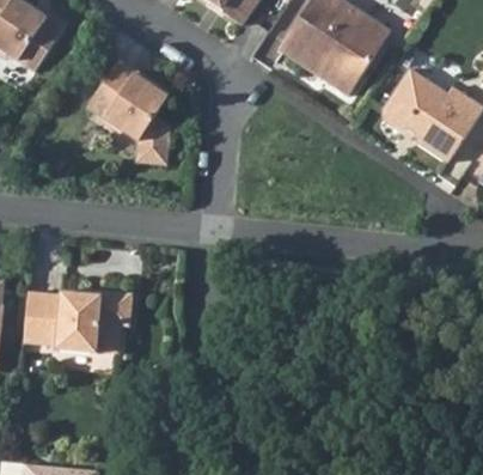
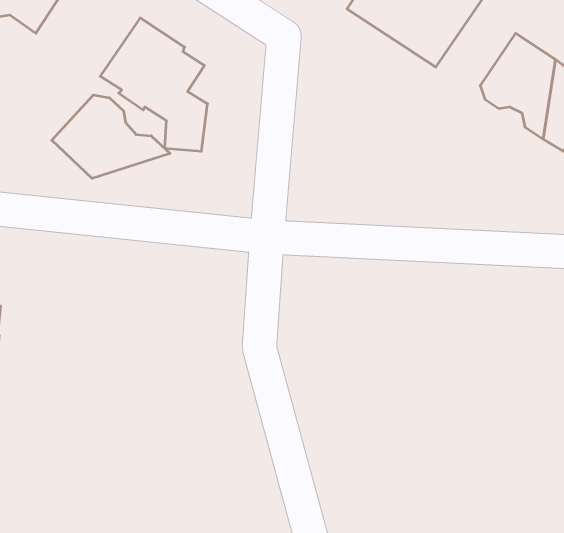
building: none -> [52,95,170,178]
building: [23,290,132,353] -> none

